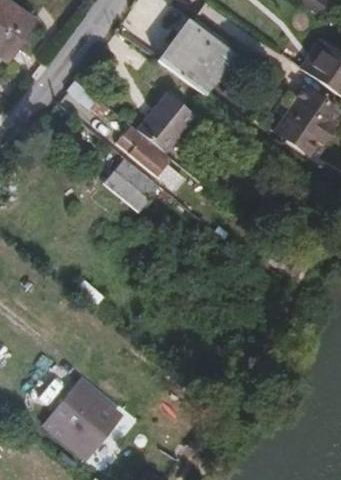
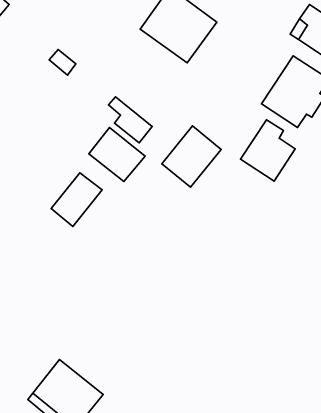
building: [136,91,194,151] -> [162,126,221,187]
building: none -> [241,120,295,181]
building: none -> [51,173,102,226]

